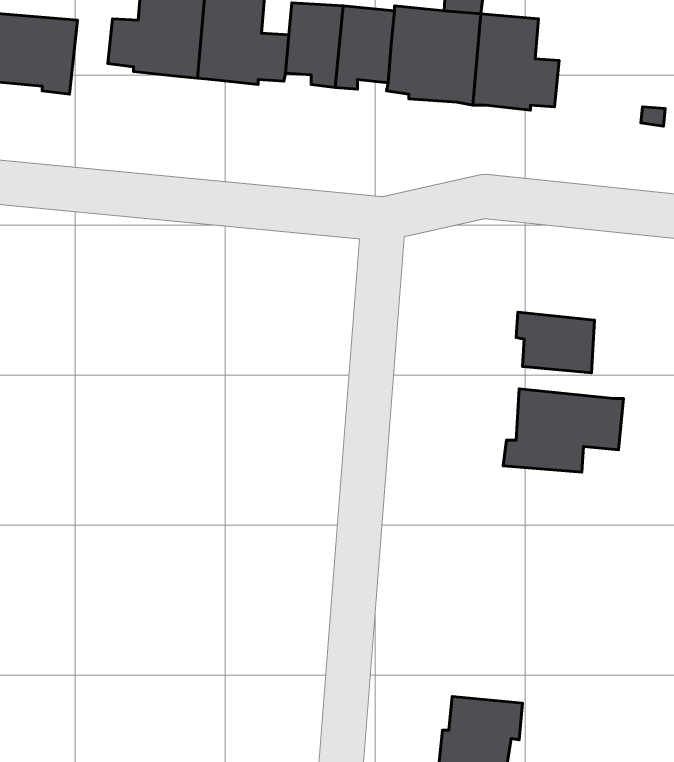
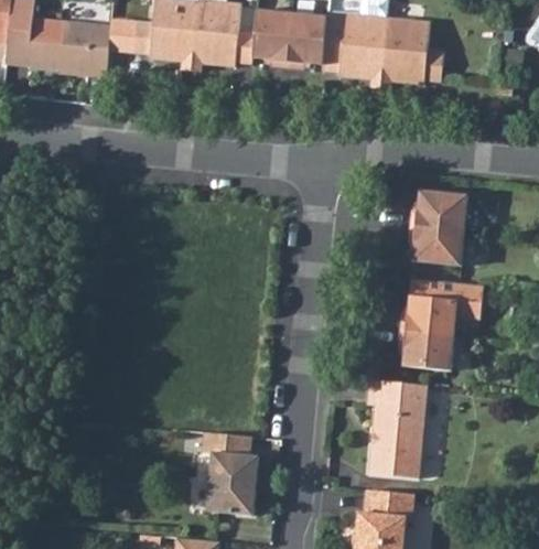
building: none -> [410,192,466,229]
building: none -> [399,330,454,369]
building: none -> [366,378,427,476]
building: none -> [201,431,256,515]

